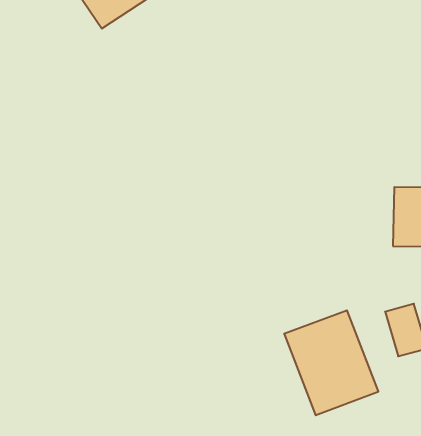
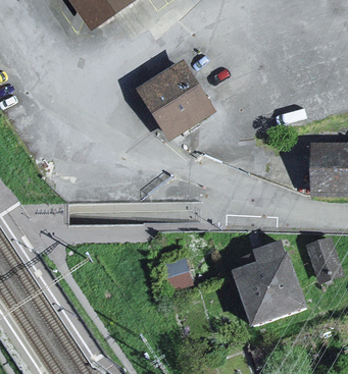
building: none -> [145,67,209,135]

